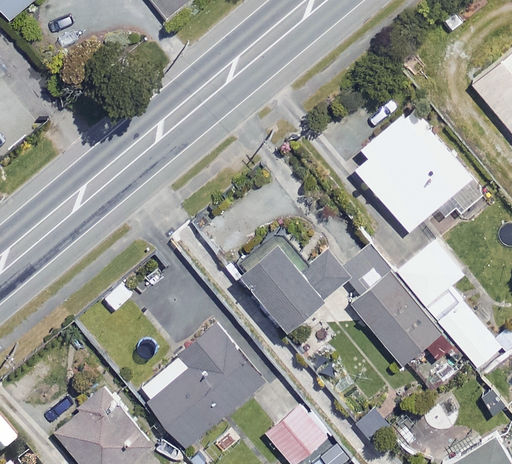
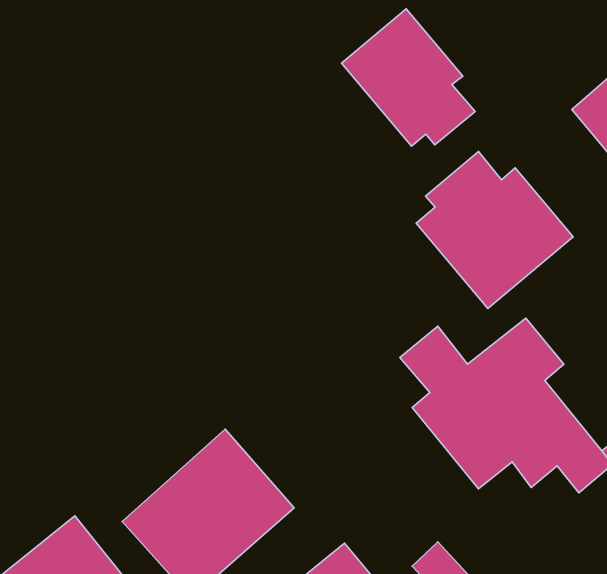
building: none -> [342,9,475,146]
building: [241,244,350,330] -> none

